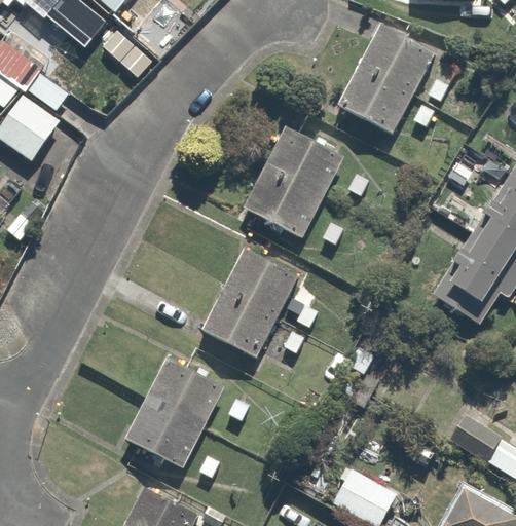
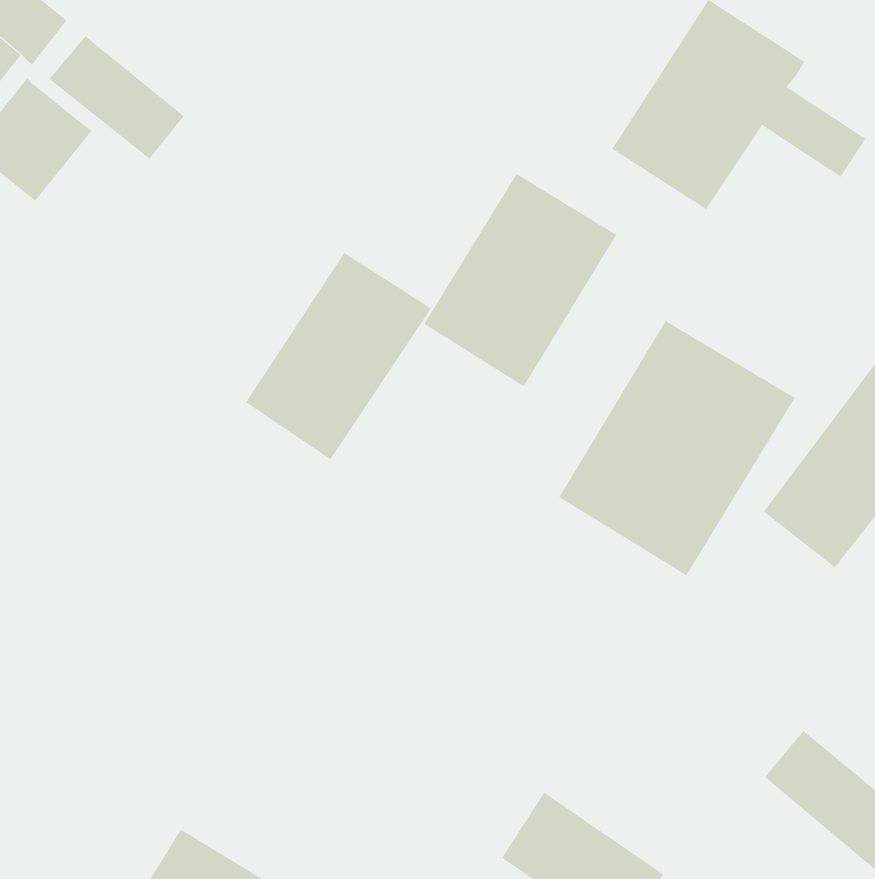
building: none -> [558,320,796,576]
building: [206,246,300,356] -> [245,252,432,460]
building: [124,358,218,464] -> none

